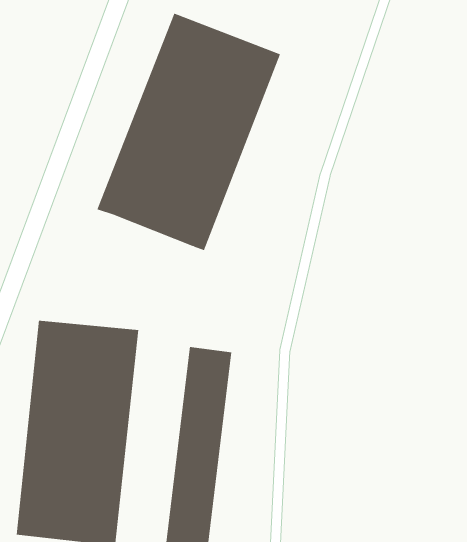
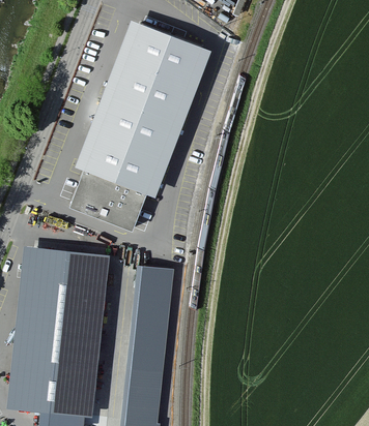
building: none -> [70,170,146,231]

